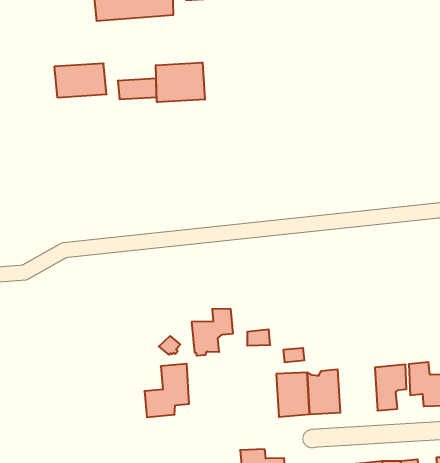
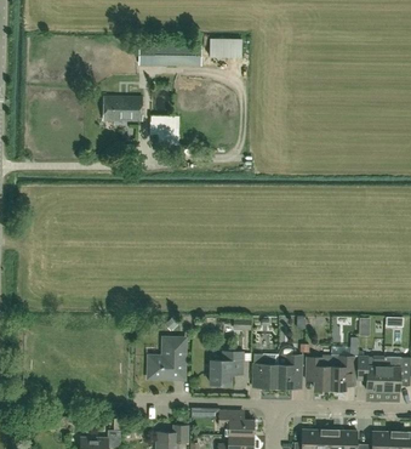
building: [156,62,205,102] -> none
building: [192,309,233,356] -> [211,351,242,386]
building: none -> [306,356,331,390]

